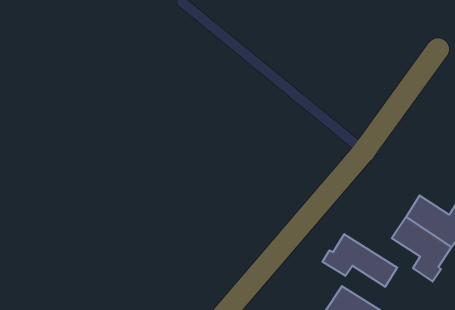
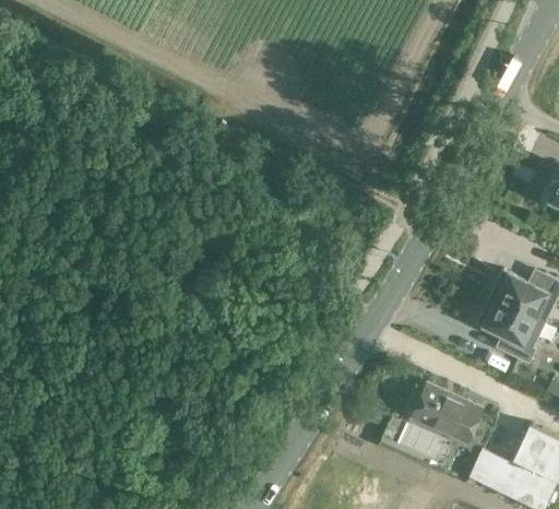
building: [322,234,397,287] -> none

